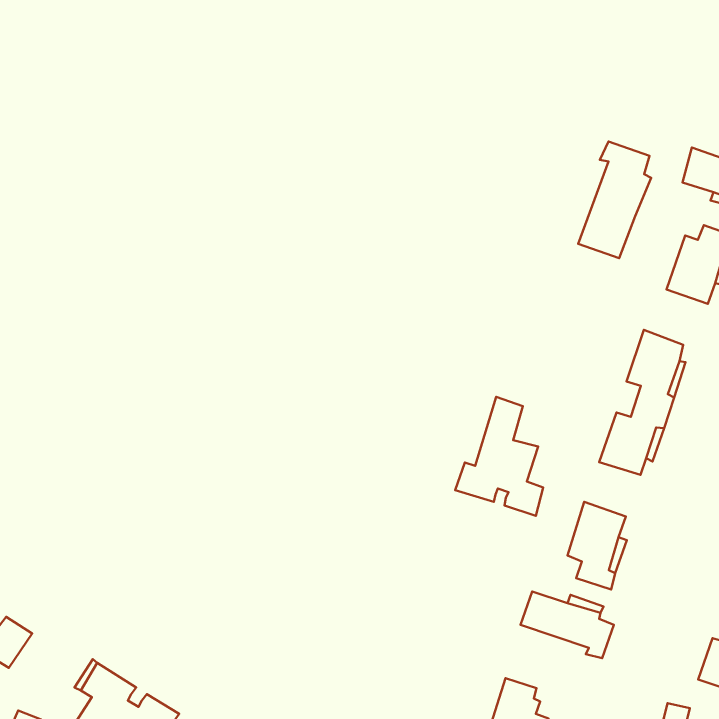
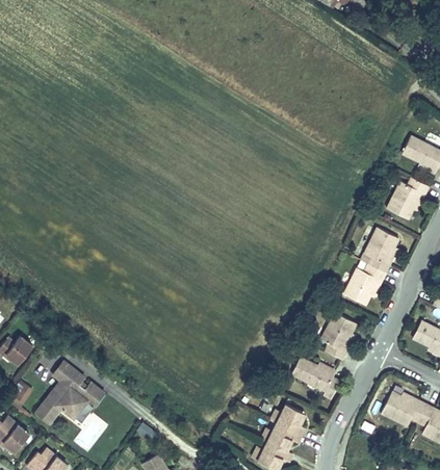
building: [578,141,651,258] -> none
building: [455,397,543,516] -> none

